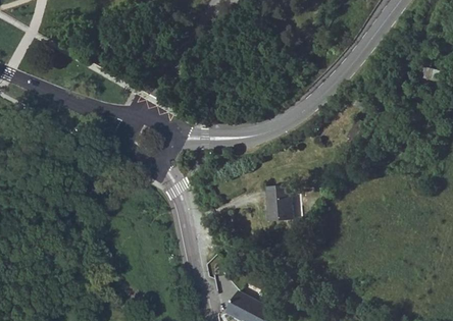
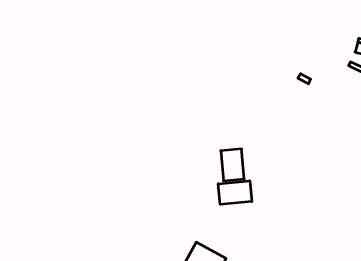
building: none -> [218,181,252,204]

